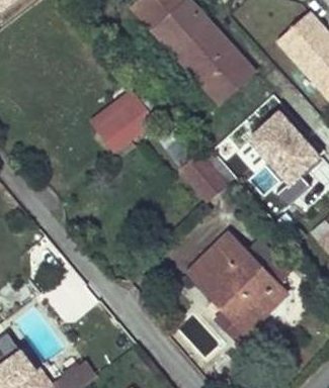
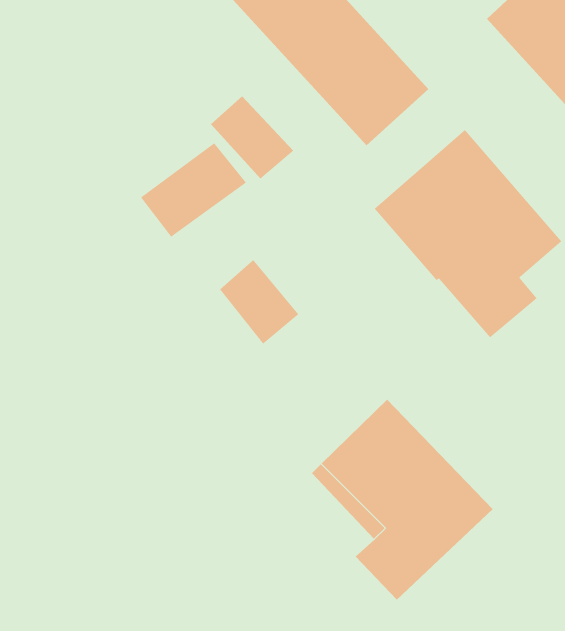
building: none -> [210,95,294,179]
building: [180,154,223,199] -> [219,259,299,345]

